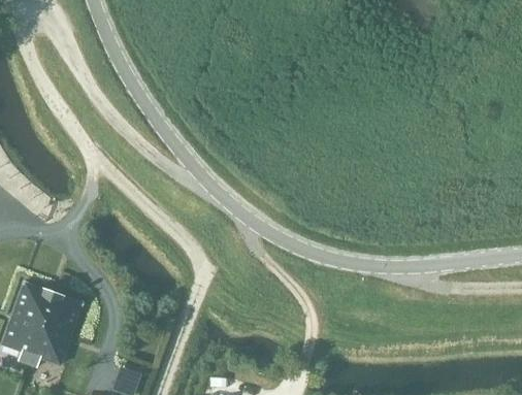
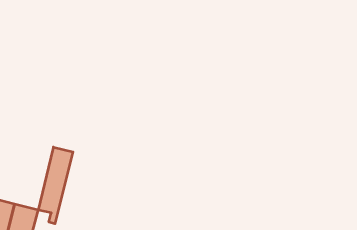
building: none -> [38,147,73,224]

